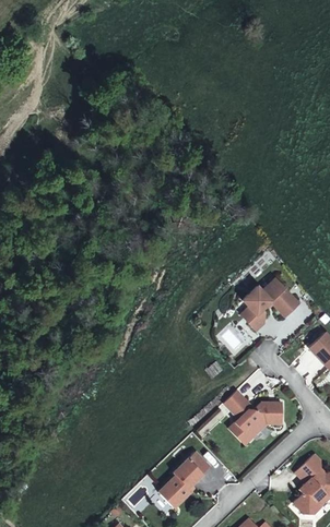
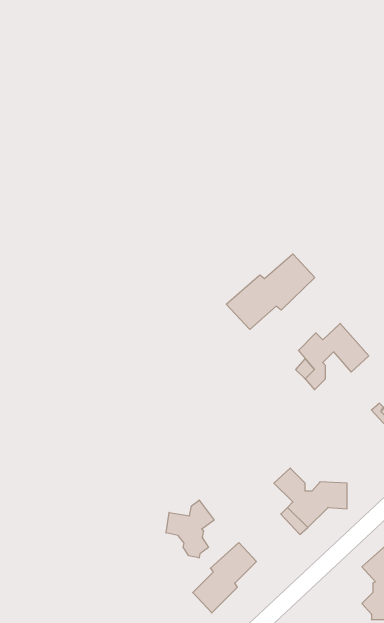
building: none -> [226,254,315,329]
building: none -> [166,500,214,558]

